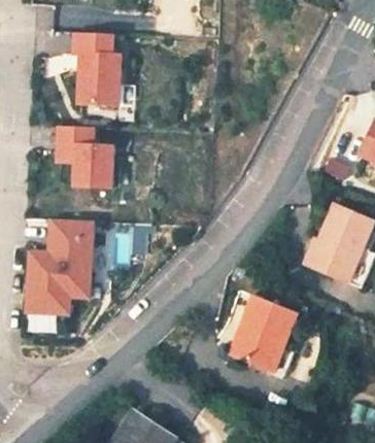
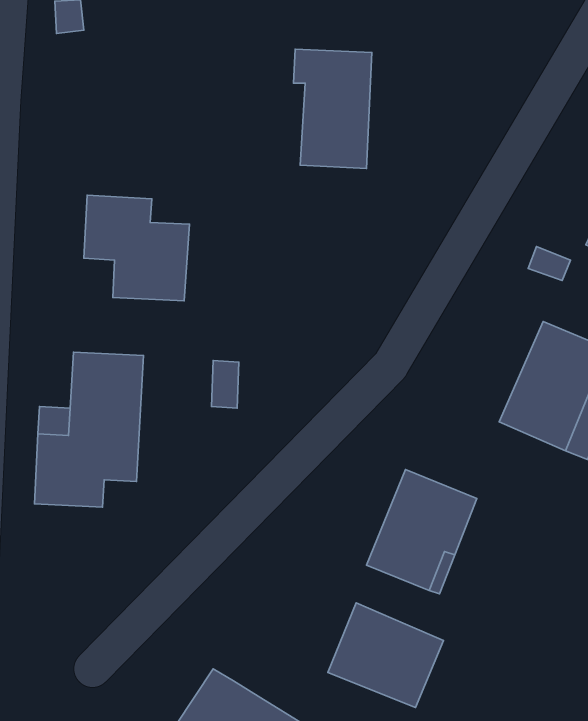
building: [72,35,120,107] -> [293,49,372,168]
building: none -> [328,603,444,708]

